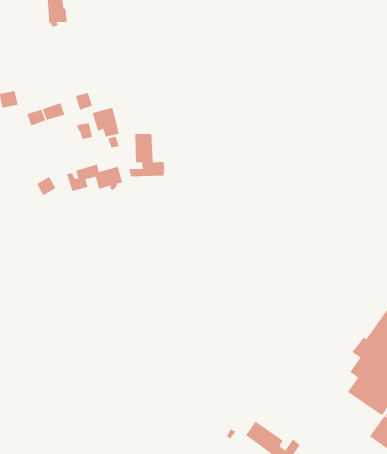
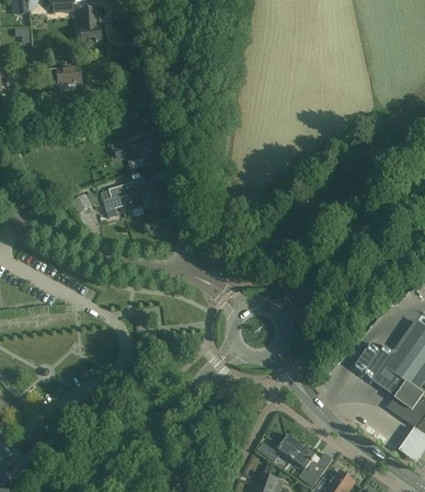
building: none -> [45,66,80,91]
building: [129,133,165,177] -> none
building: none -> [363,345,392,386]

